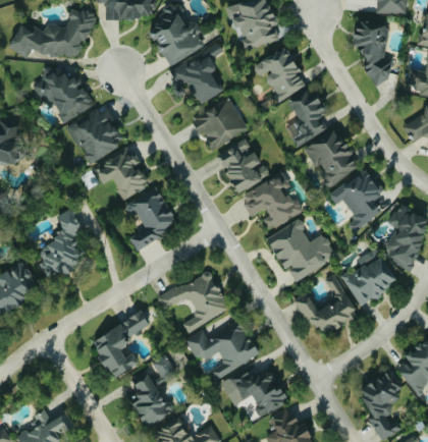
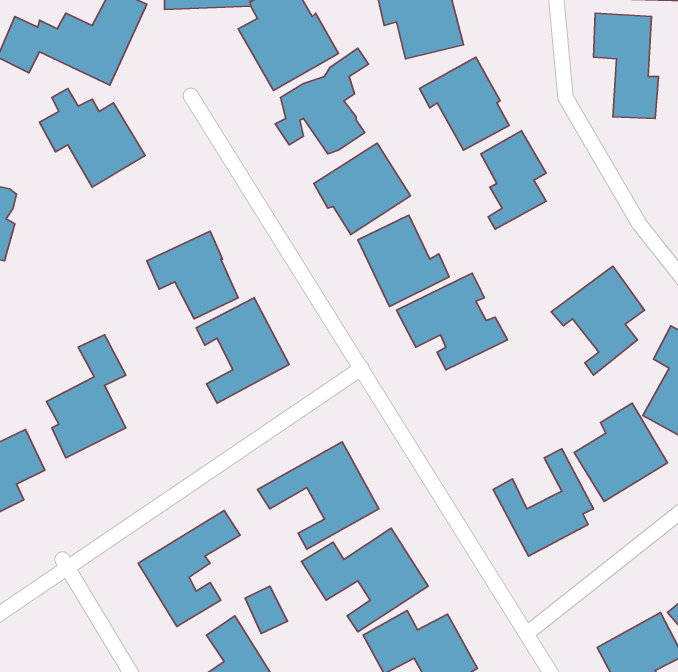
building: [67,107,123,164] -> none
building: [305,128,358,187] -> none
building: [267,220,338,281] -> none

